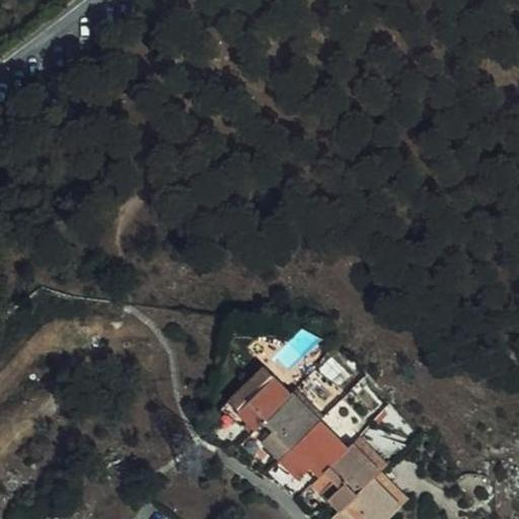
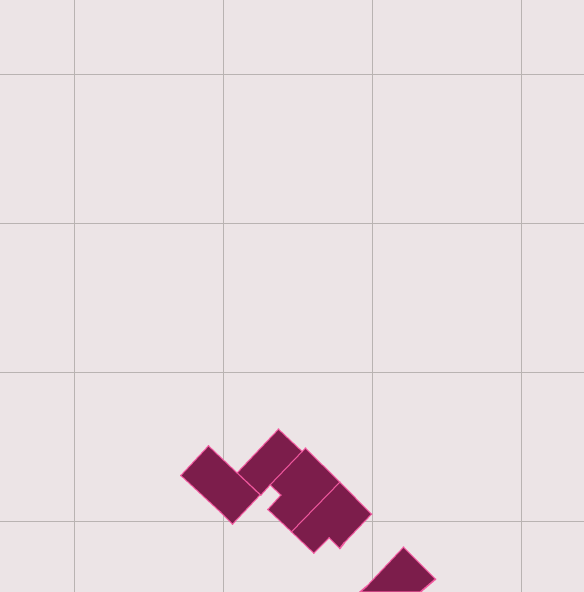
building: none -> [181,446,260,524]
building: [311,436,369,504] -> none

